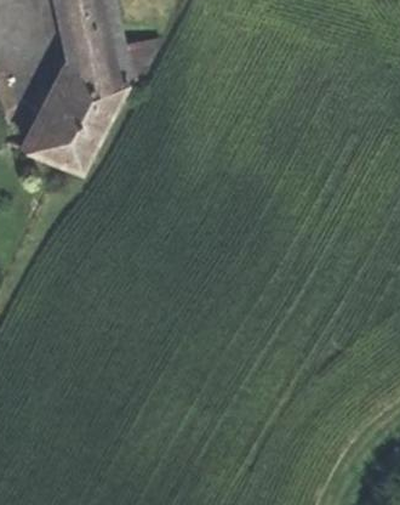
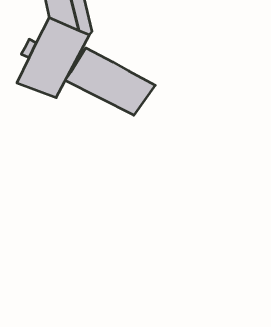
building: none -> [65,48,155,115]

